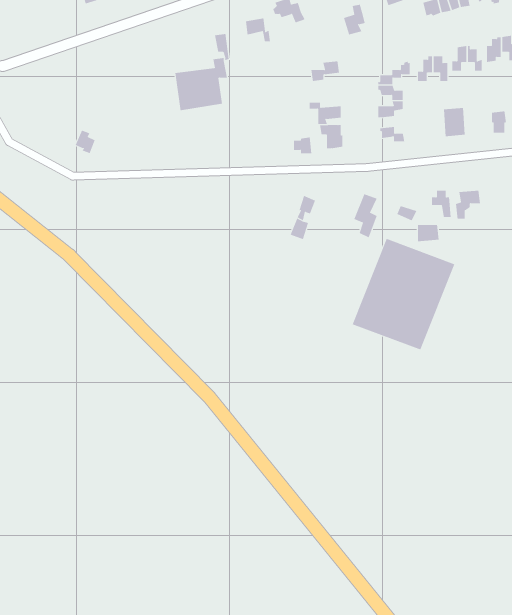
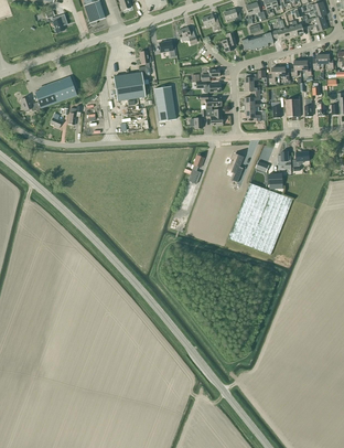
building: none -> [21,75,76,109]
building: none -> [154,85,175,120]

